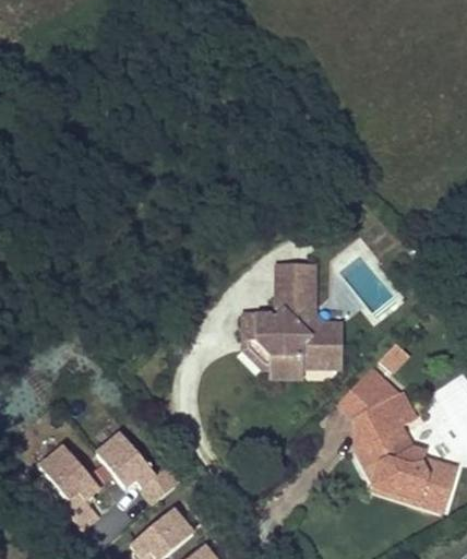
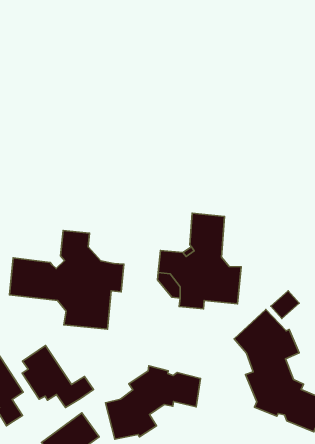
building: none -> [9,230,124,329]
building: none -> [106,366,200,439]

